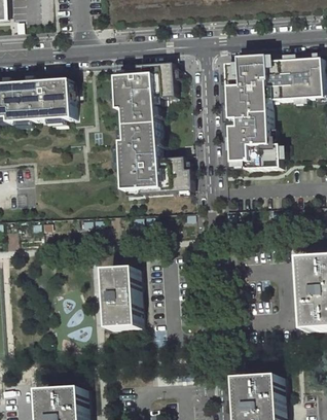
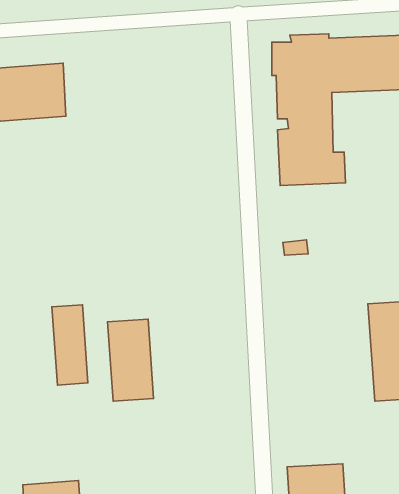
building: [112,60,188,191] -> none
building: none -> [52,305,88,385]

